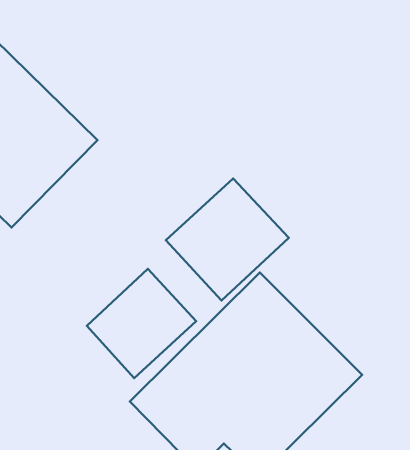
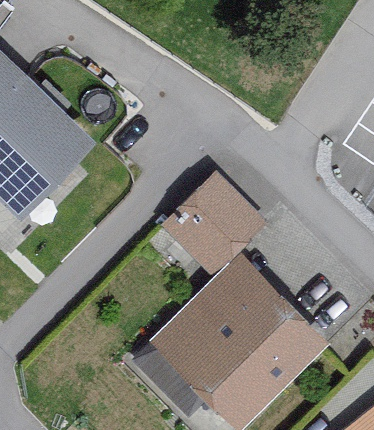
building: [87,269,196,378] -> none

